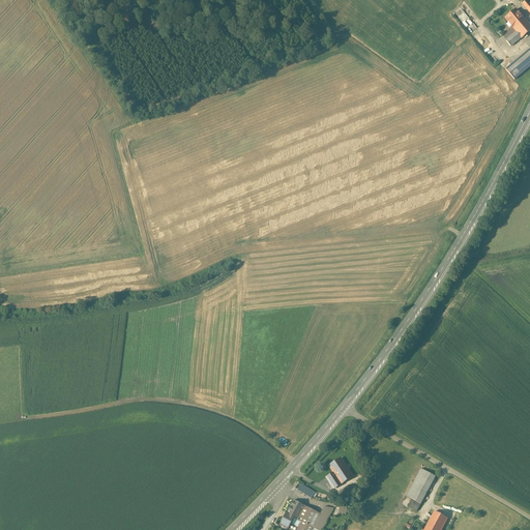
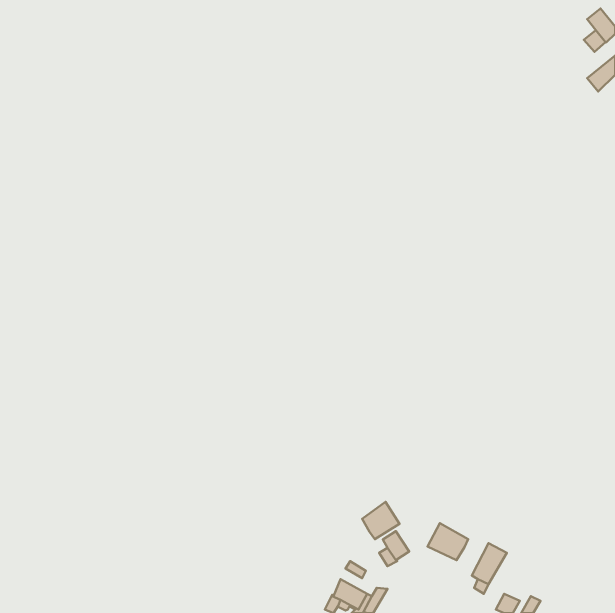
building: none -> [362,502,400,539]
building: none -> [427,523,468,560]

